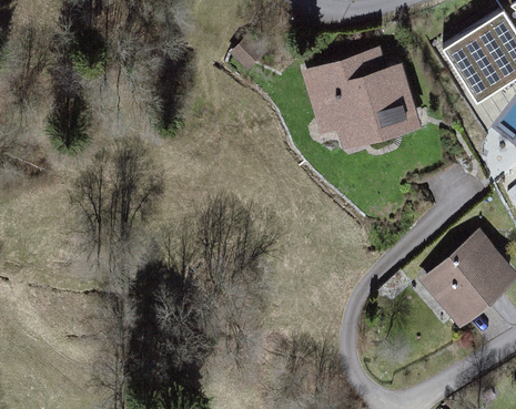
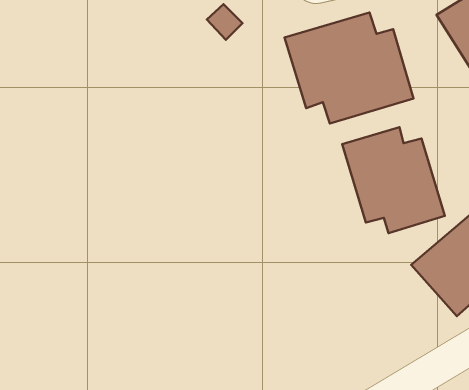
building: none -> [342,127,445,233]

